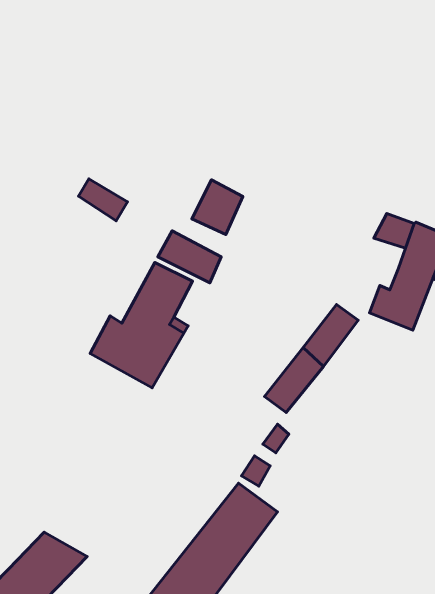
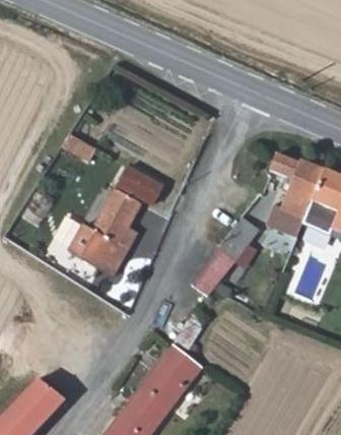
building: [192,180,243,235] -> none

